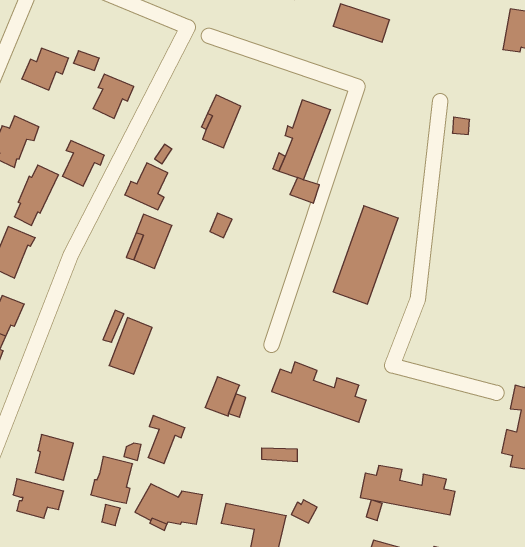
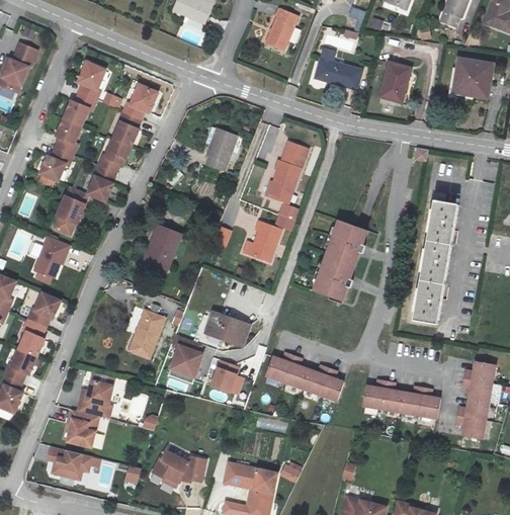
building: none -> [73,61,104,99]
building: none -> [377,61,410,102]
building: none -> [126,87,160,122]
building: none -> [51,116,81,156]
building: [125,163,168,210] -> [99,141,135,179]
building: none -> [409,197,451,322]
building: none -> [247,217,283,257]
building: none -> [208,315,252,348]
building: [148,416,185,464] -> [172,336,202,375]
building: [91,457,133,503] -> [82,379,116,418]
building: [360,466,455,515] -> [360,377,438,418]

